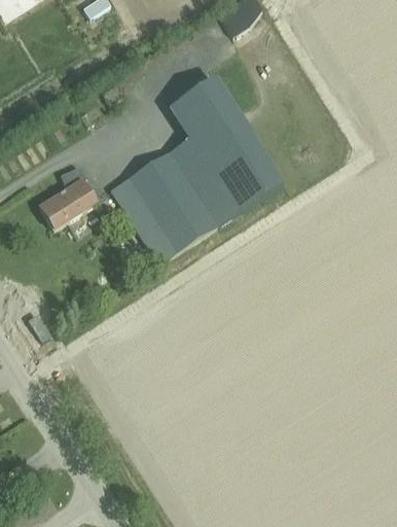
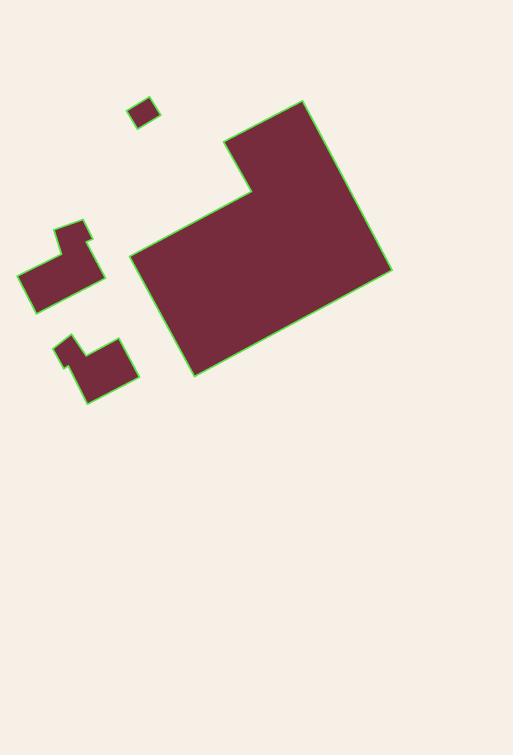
building: none -> [53,334,139,404]

